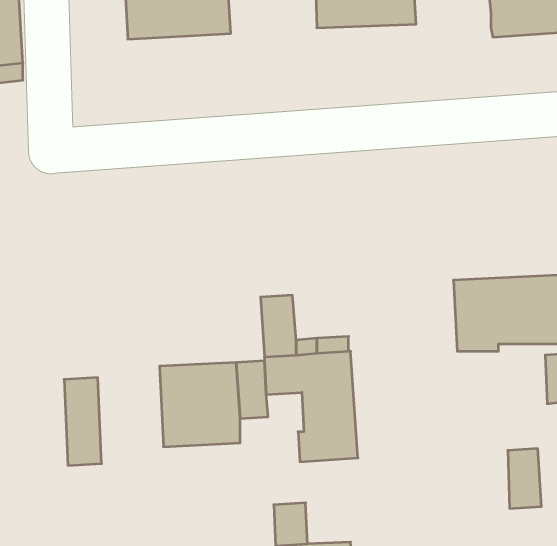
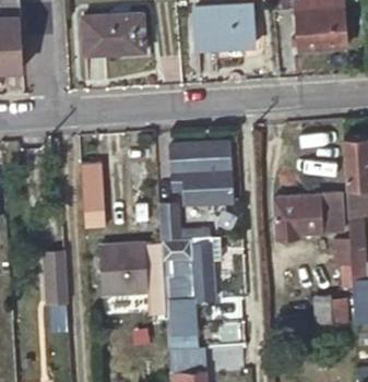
building: none -> [170,142,235,205]
building: none -> [80,166,104,231]

